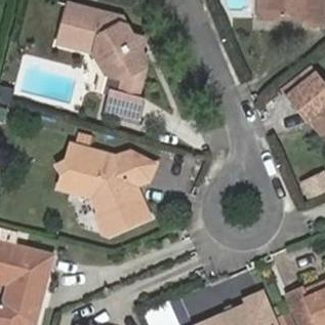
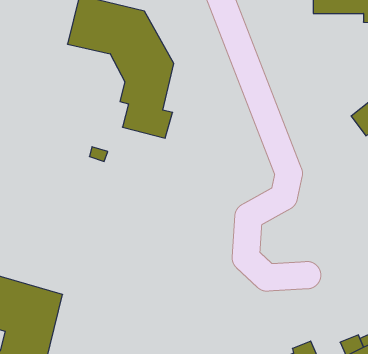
building: [56,143,154,233] -> none

